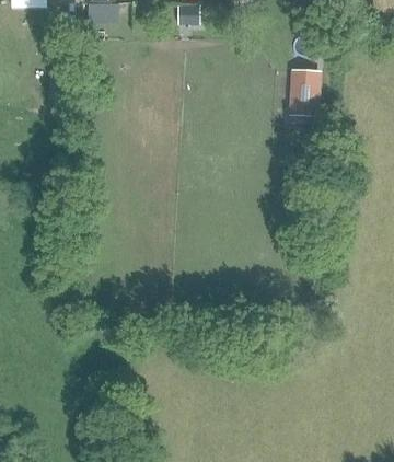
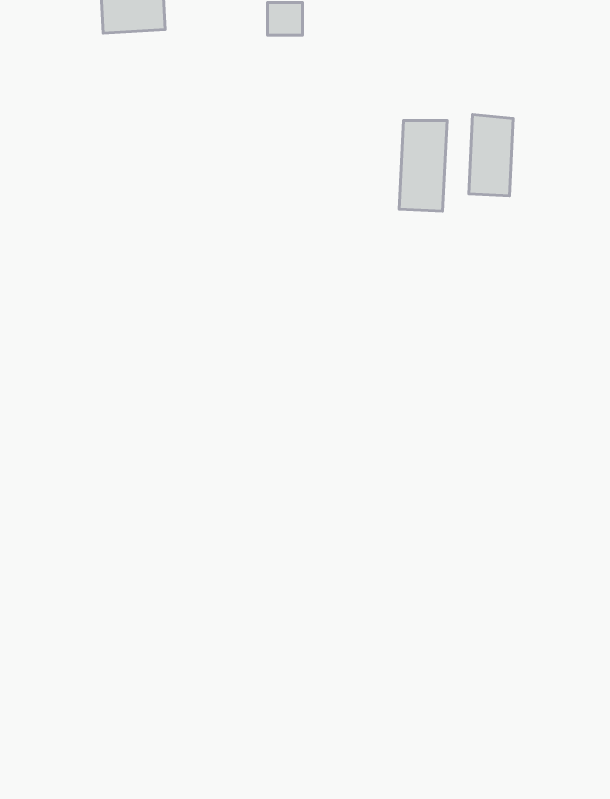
building: none -> [399,120,447,211]

